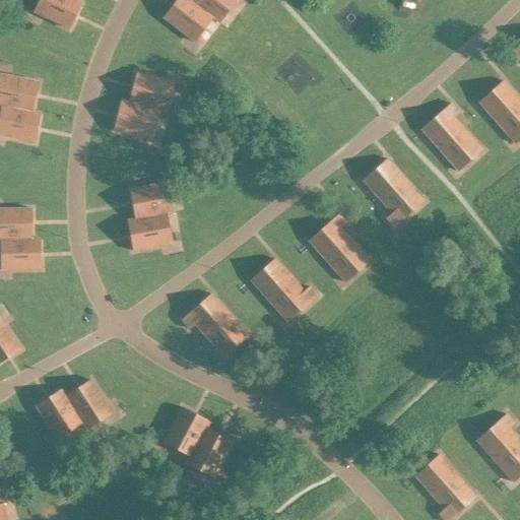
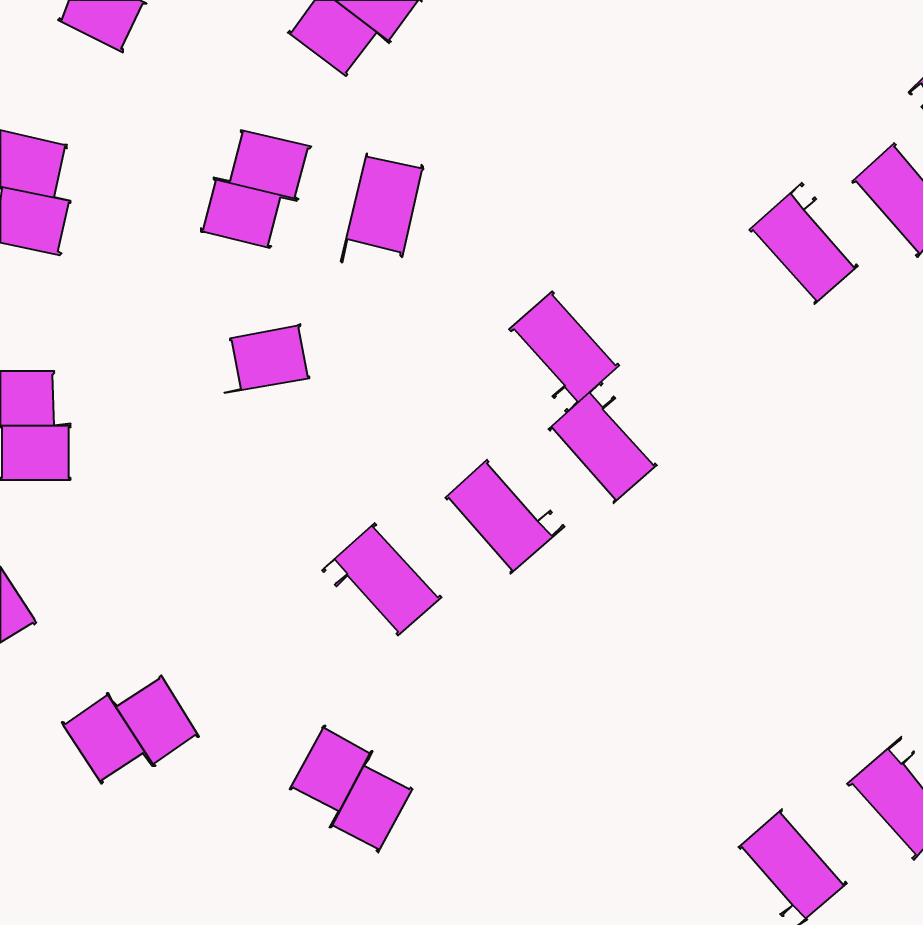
building: none -> [341,153,423,263]
building: [363,158,425,226] -> [509,291,619,413]
building: [127,212,175,251] -> none

